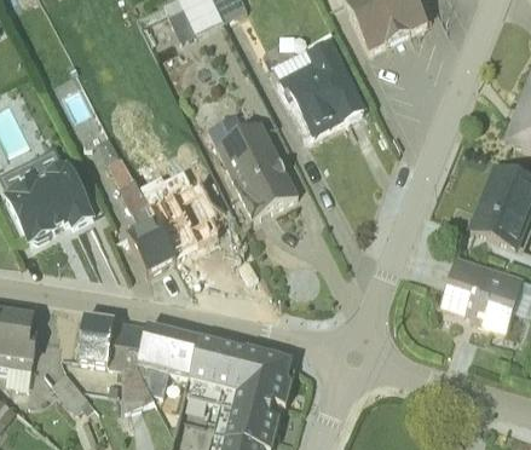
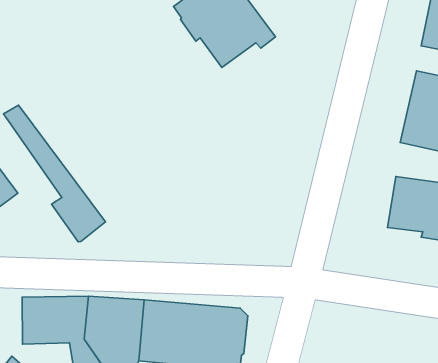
building: [208,112,298,218] -> none

